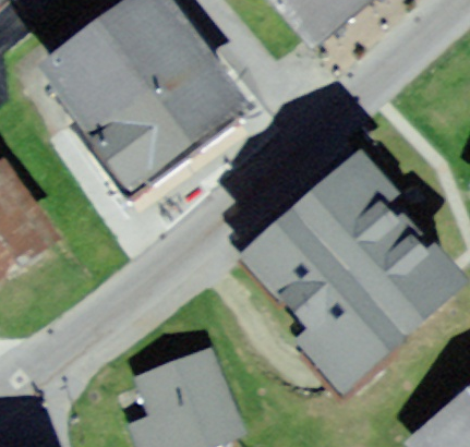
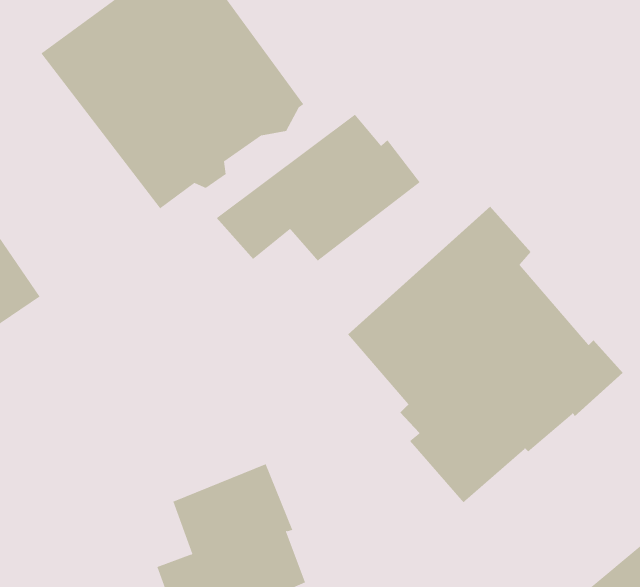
building: none -> [216,114,421,262]

